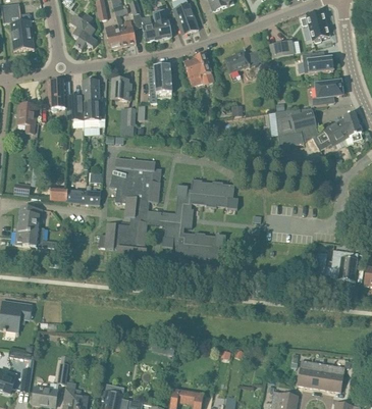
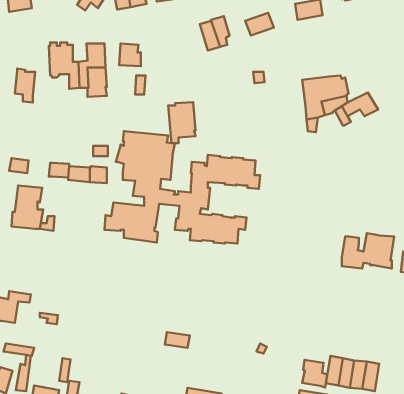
building: [302,51,332,72] -> none
building: [147,65,171,102] -> [168,102,195,143]
building: [312,81,340,104] -> none
building: [334,111,360,141] -> none
building: none -> [302,360,327,387]

